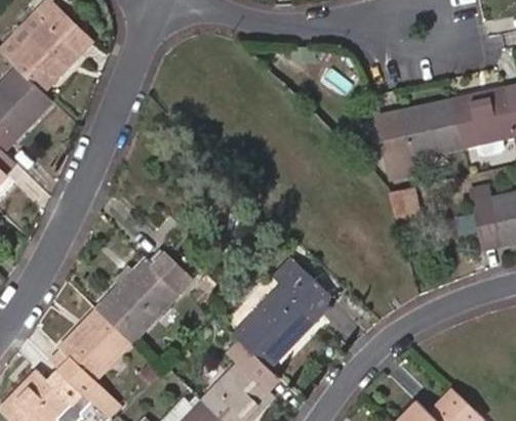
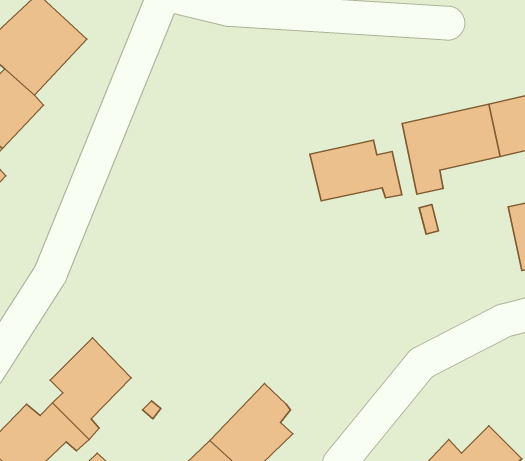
building: none -> [310,140,402,201]
building: [95,249,193,344] -> none
building: [232,269,319,368] -> none

